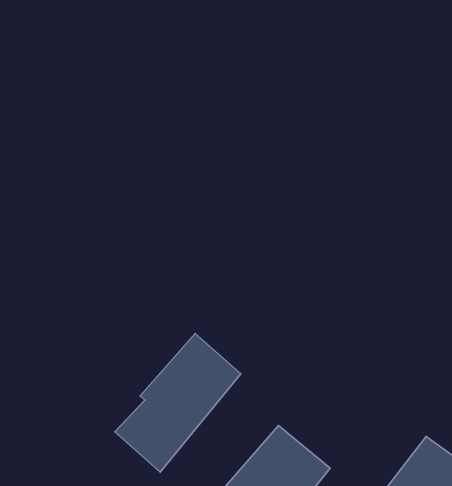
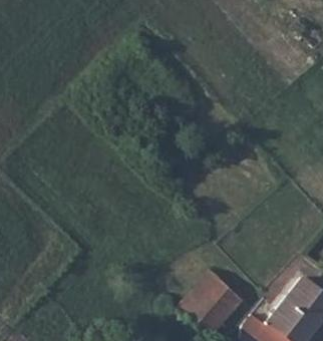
building: [115,334,241,472] -> none

